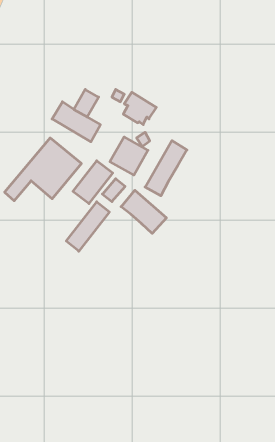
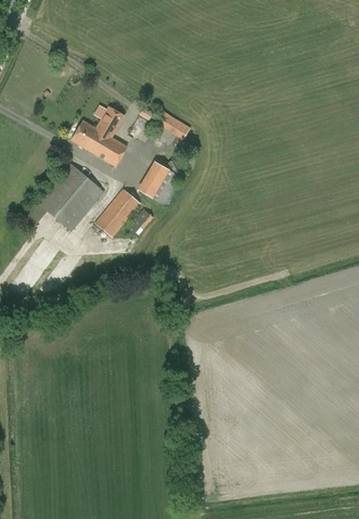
building: [145,141,187,196] -> none
building: [121,190,166,233] -> none
building: [66,202,109,251] -> none

